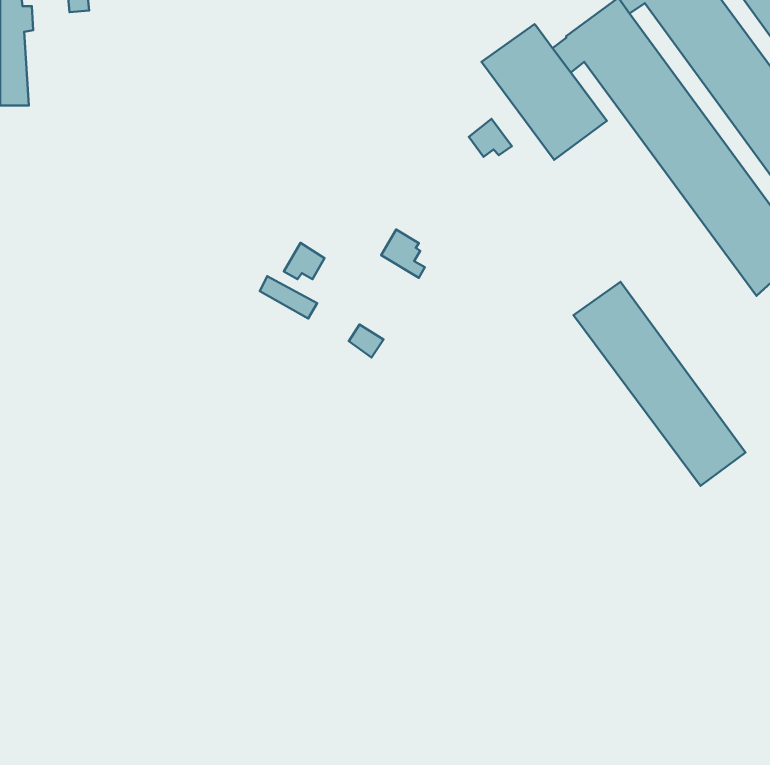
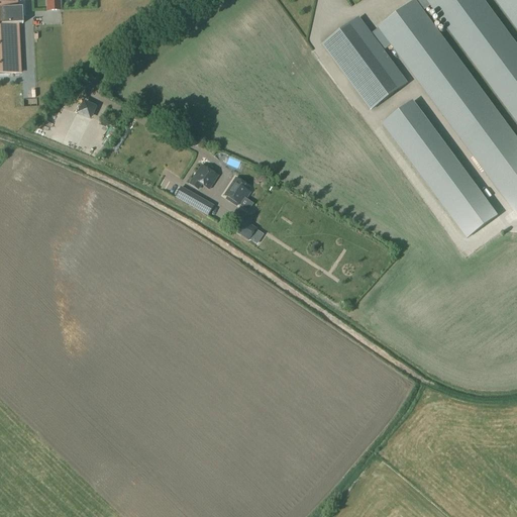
building: [469,119,512,157] -> none
building: [381,230,425,278] -> [226,175,255,207]
building: [574,282,746,486] -> [383,99,498,235]

